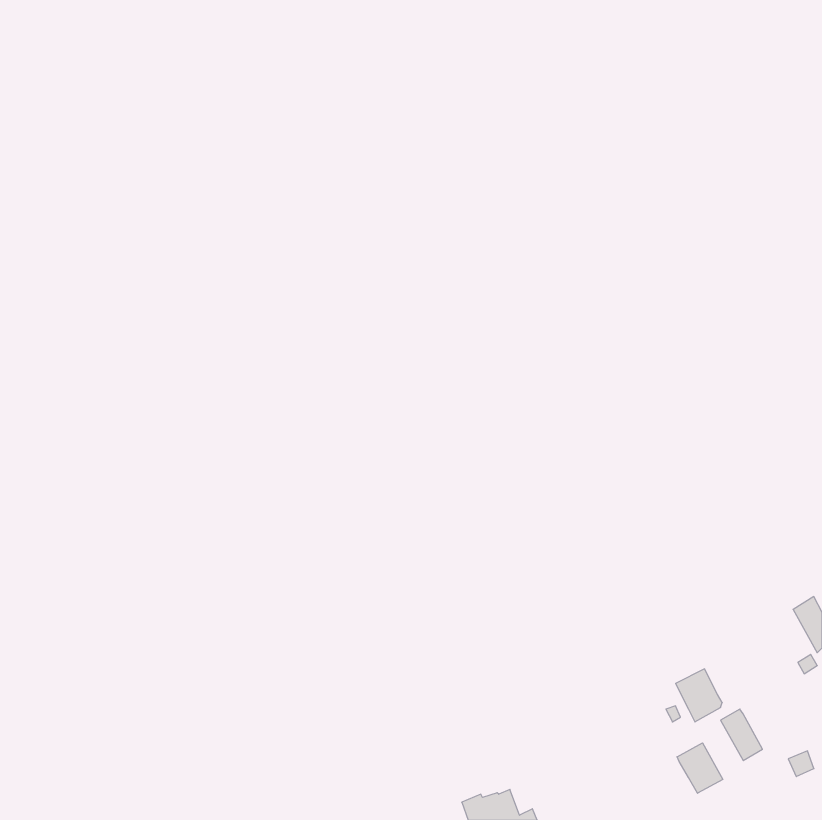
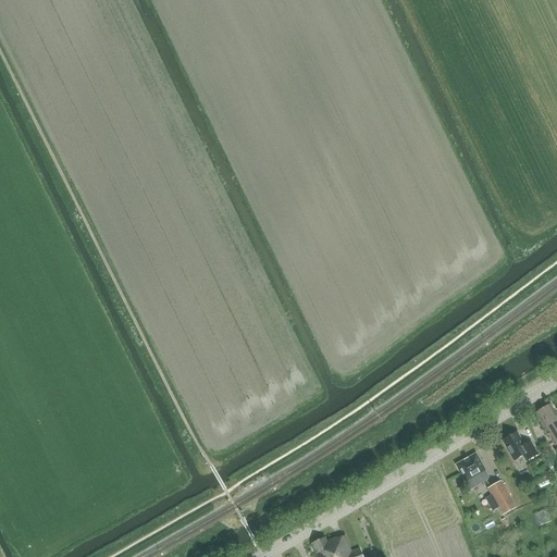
building: none -> [503,432,537,460]
building: [677,743,723,793] -> none

